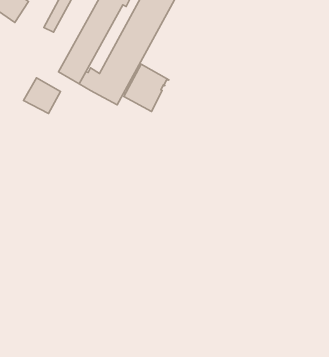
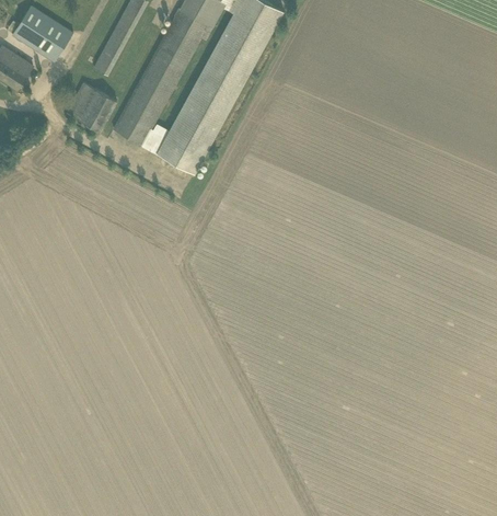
building: [124,64,169,112] -> none
building: [24,78,61,113] -> [66,81,116,129]

